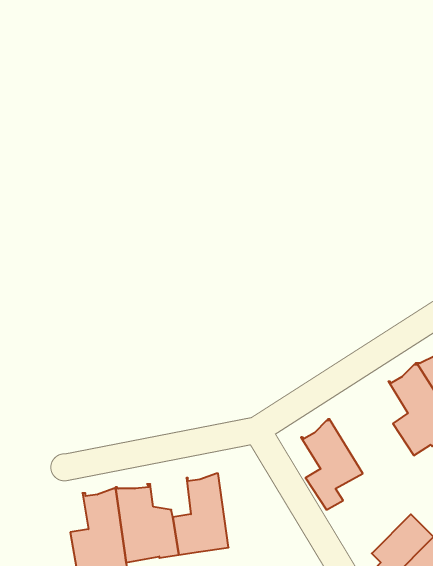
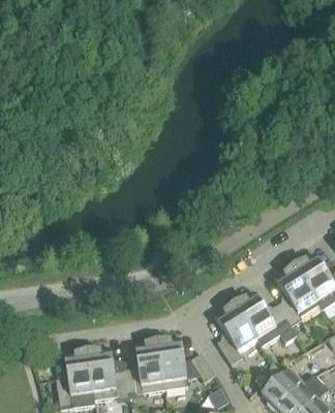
building: none -> [233,288,296,345]
building: none -> [156,335,215,388]

